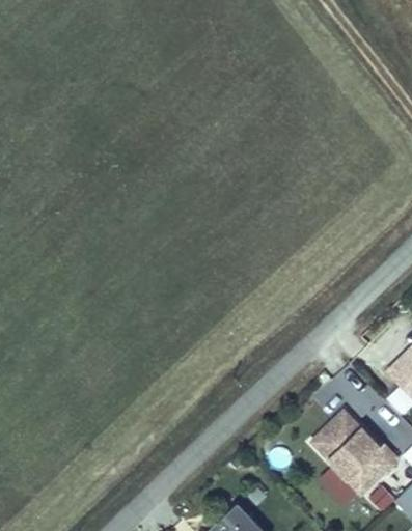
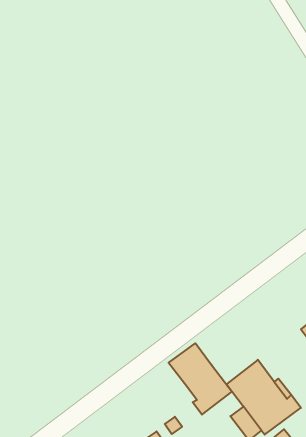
building: none -> [169,343,232,415]

